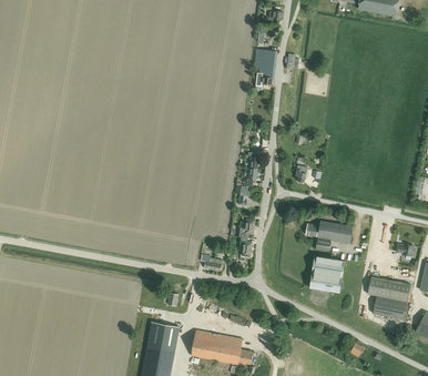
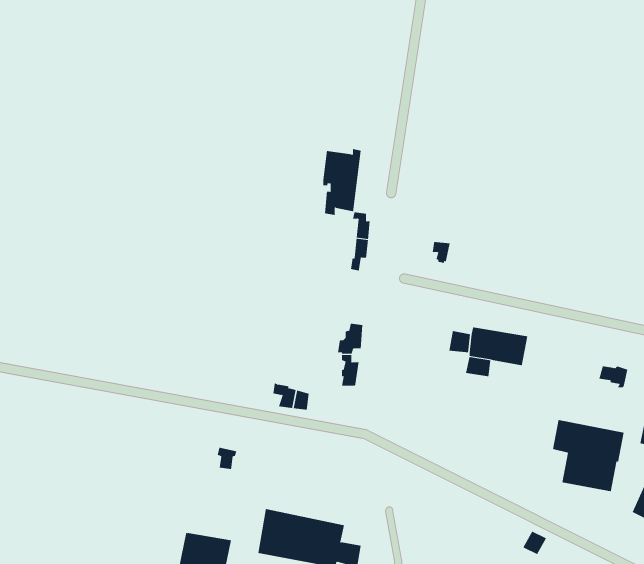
building: [255,48,278,88] -> [322,149,361,215]
building: [310,256,346,293] -> none
building: [149,322,181,348] -> none

